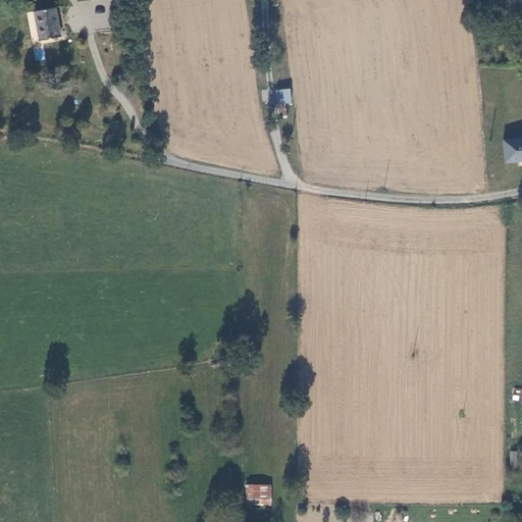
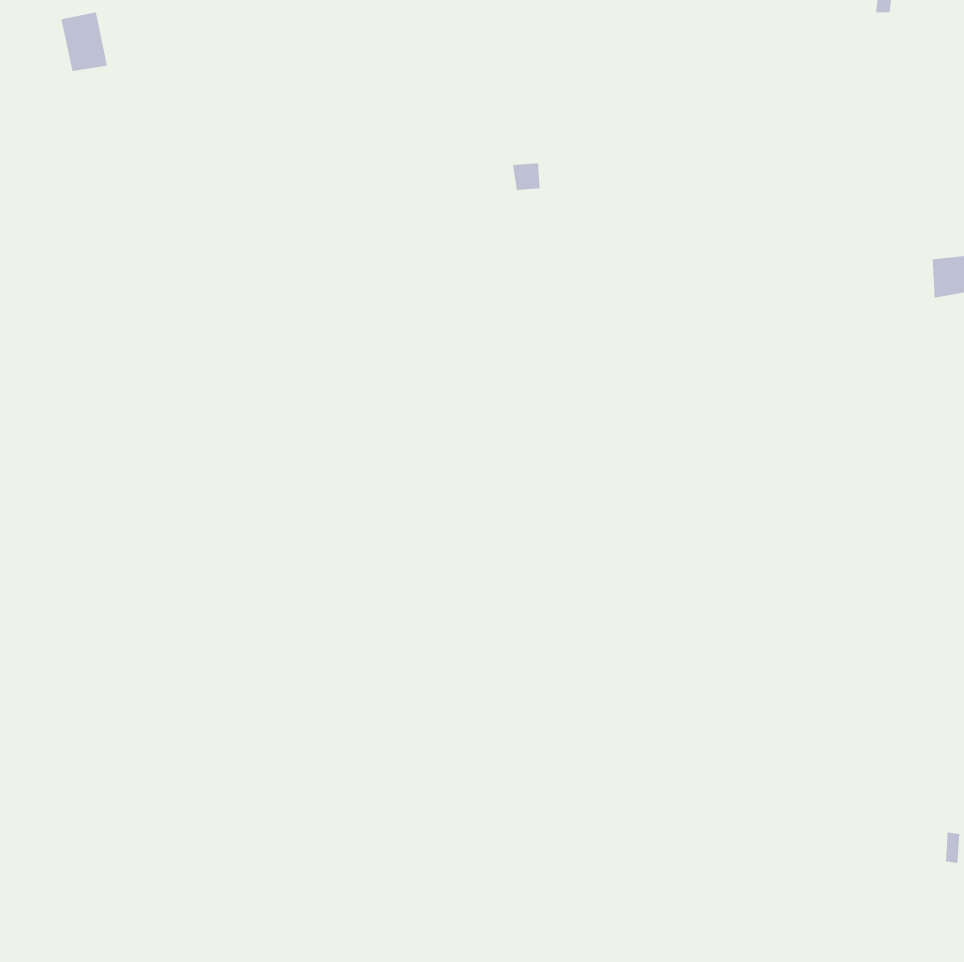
building: [247,482,273,503] -> none

